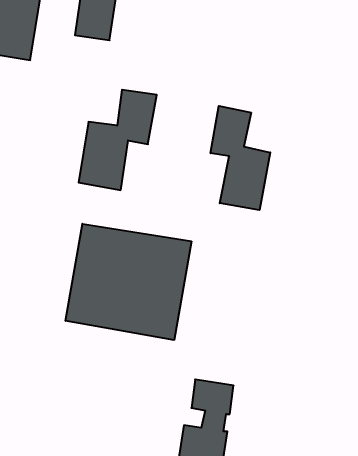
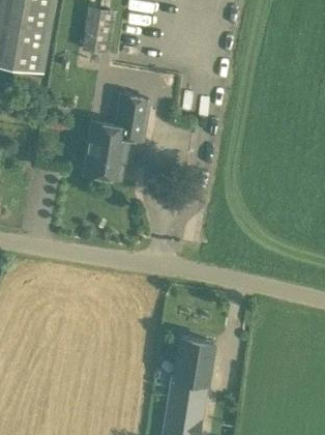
building: [211,106,270,210] -> none
building: [66,224,191,340] -> none

